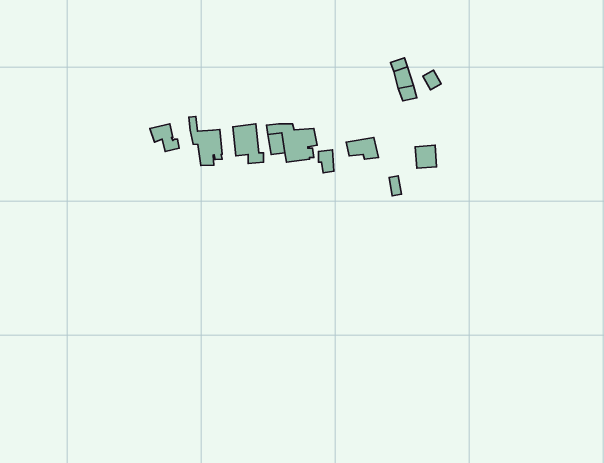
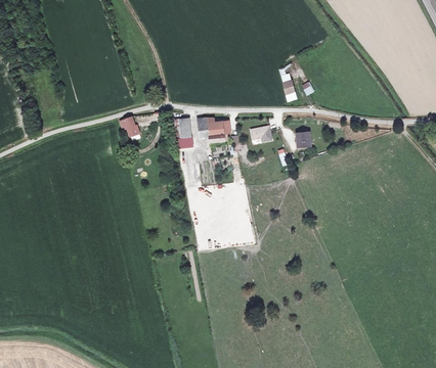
building: [189,117,222,166] -> none

